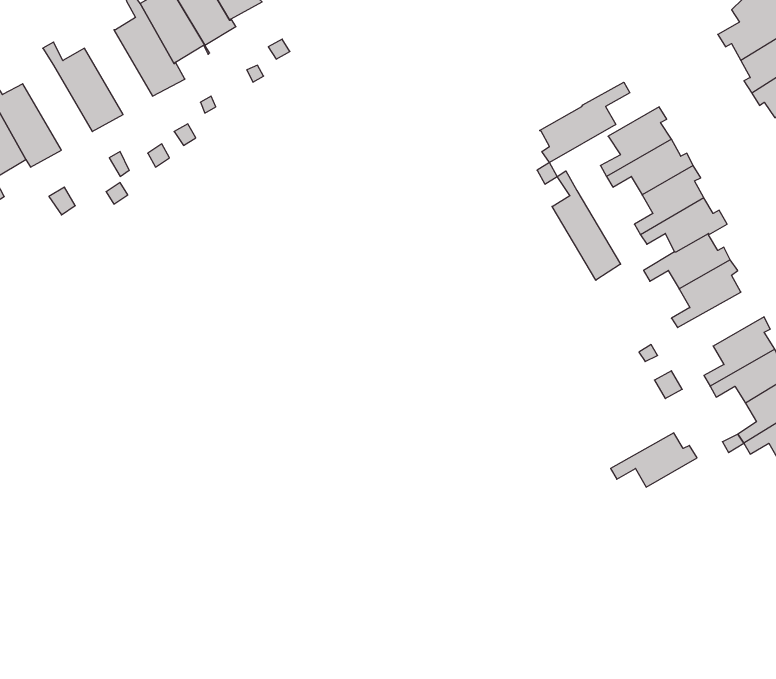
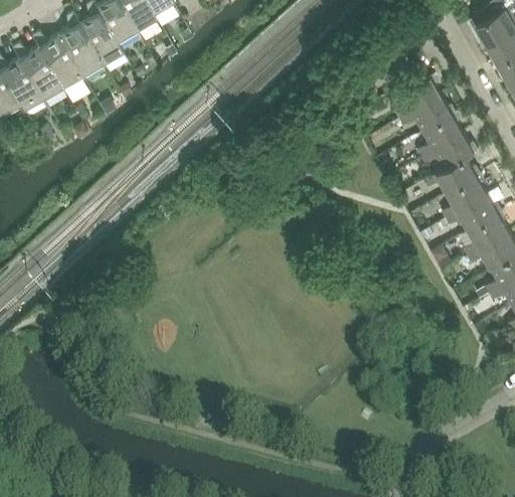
building: none -> [58,13,103,79]
building: none -> [12,44,63,103]
building: [540,82,630,162] -> none
building: [552,171,621,280] -> none
building: [611,433,697,487] -> [445,195,501,230]

